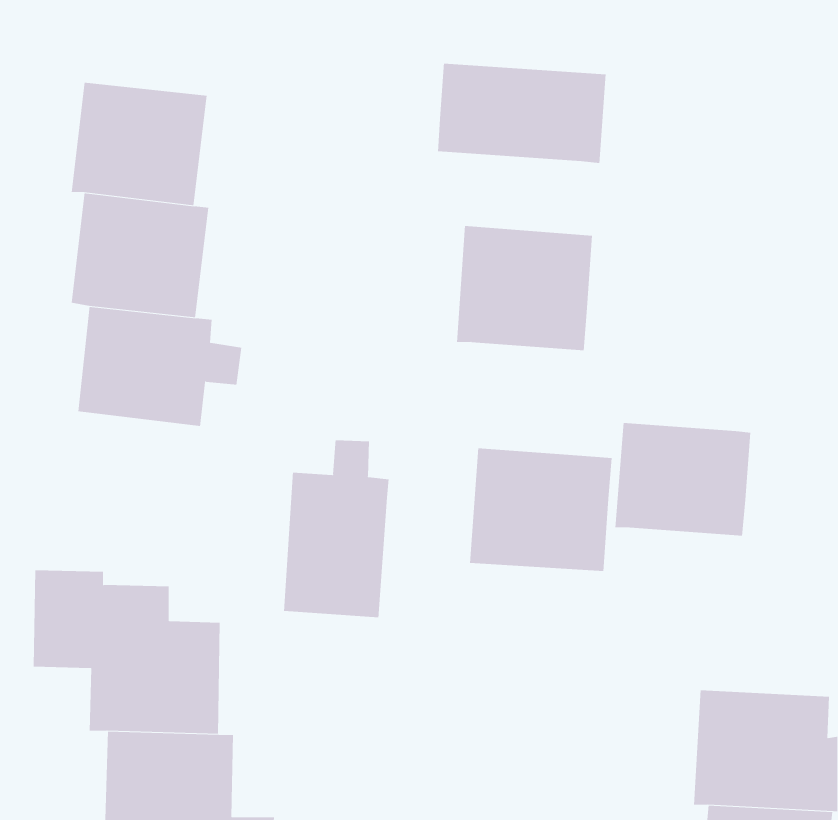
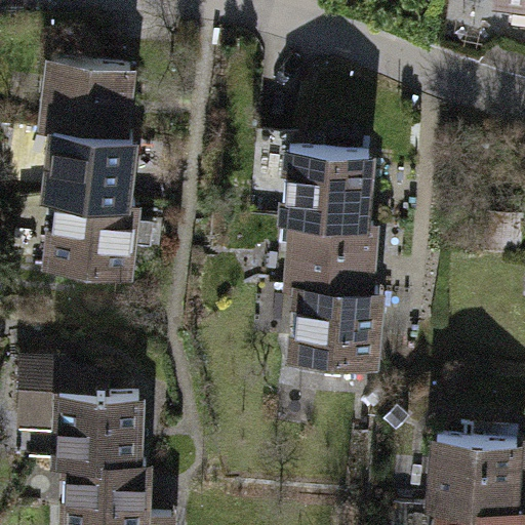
building: [437,63,606,164] -> none
building: [615,423,751,536] -> [288,227,373,297]
building: [284,439,389,618] -> none

